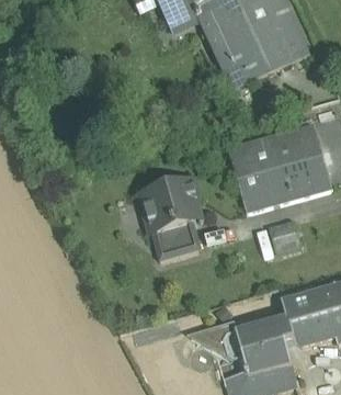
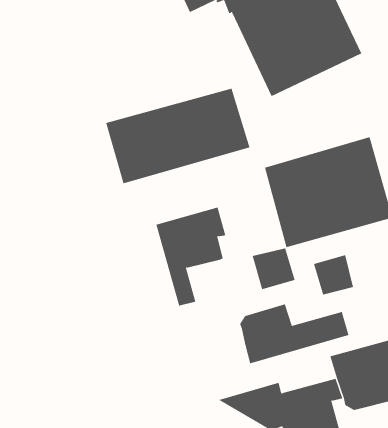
building: none -> [106,88,250,184]
building: [167,222,202,256] -> [252,248,295,290]
building: none -> [239,303,349,364]

